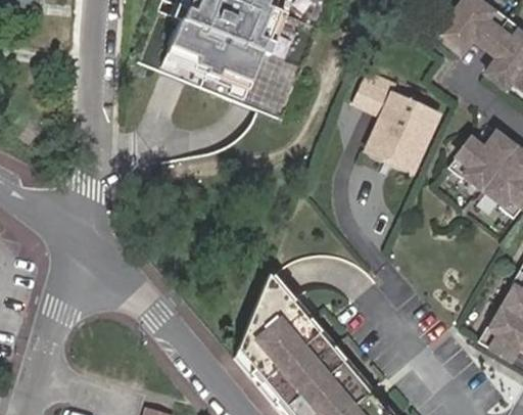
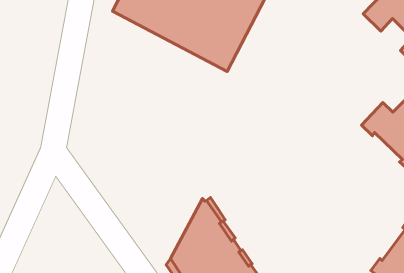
building: [354,73,438,172] -> none

